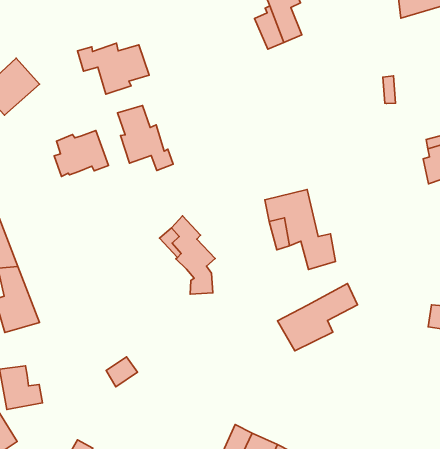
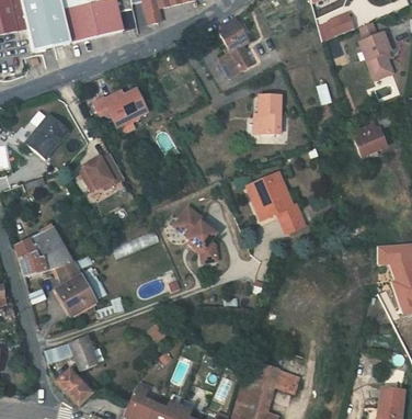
building: none -> [259,95,282,135]
building: [117,106,173,170] -> none
building: [277,284,358,351] -> none

